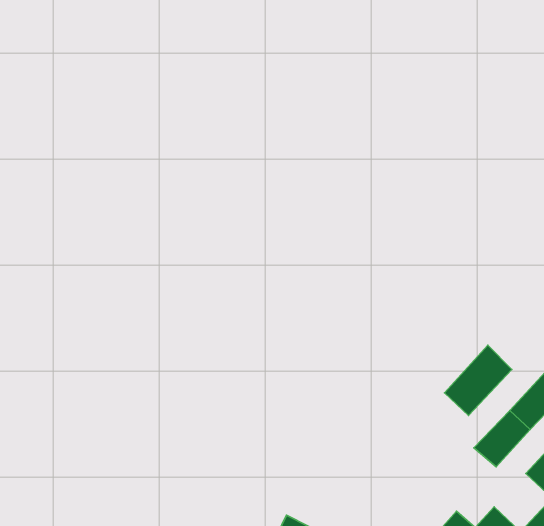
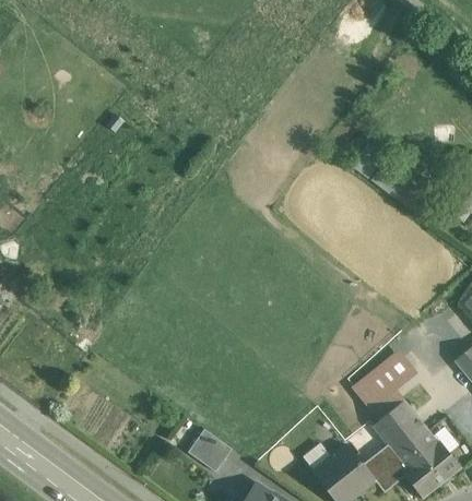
building: [444,345,512,415] -> none

